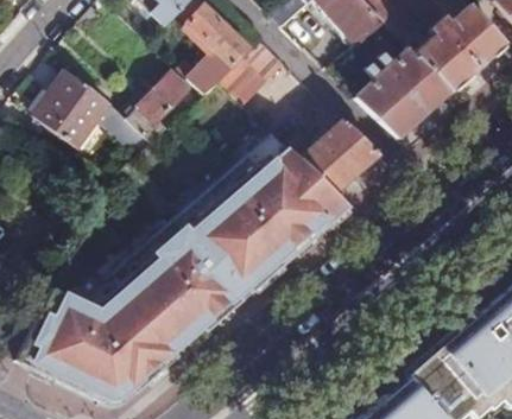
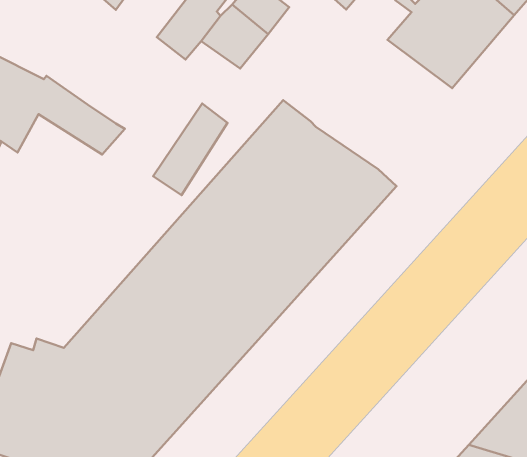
building: [131,68,190,133] -> [153,103,227,195]
building: [292,121,380,191] -> none

